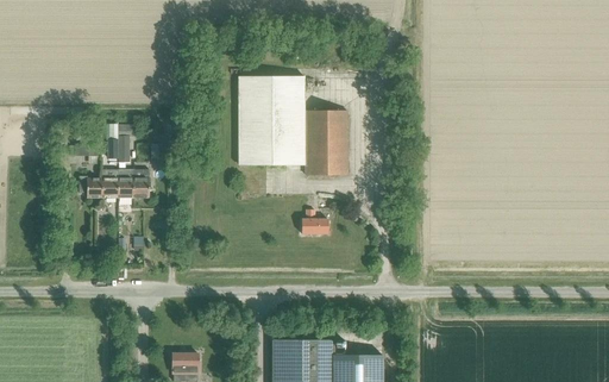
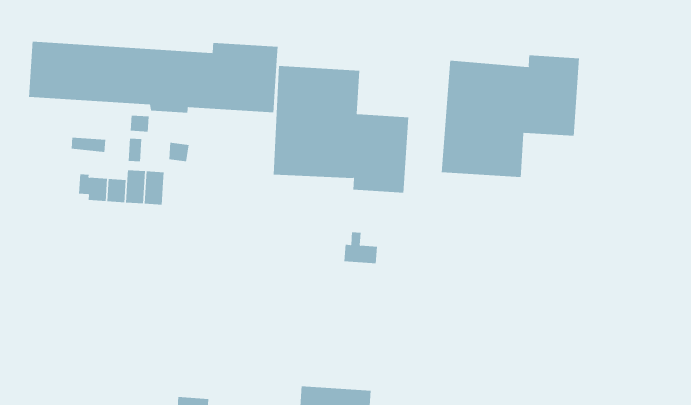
building: none -> [441,55,579,178]
building: none -> [29,41,278,113]

